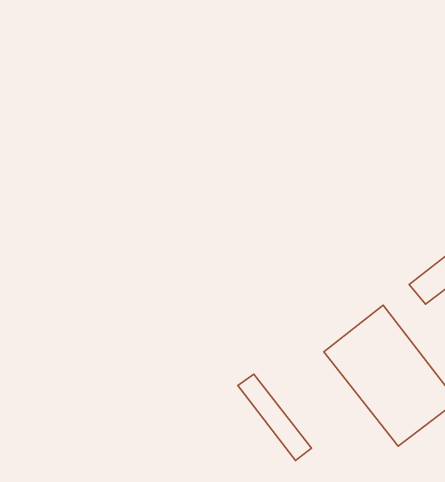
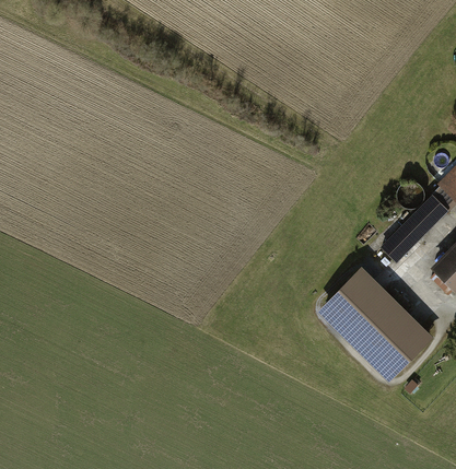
building: [238,374,311,460] -> none

